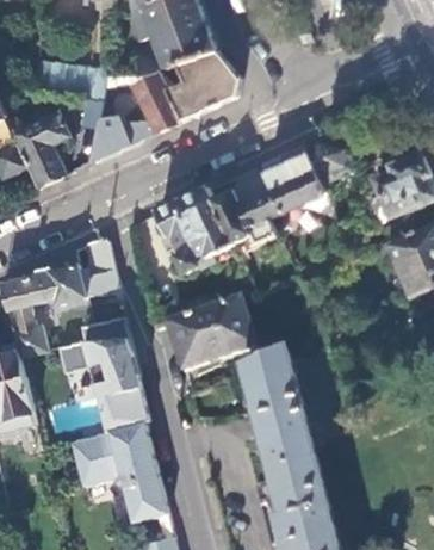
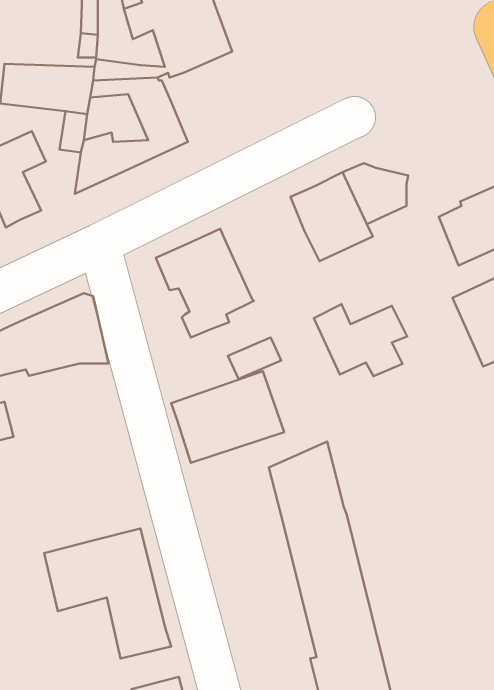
building: [167,50,238,120] -> none
building: [210,189,283,245] -> [314,304,407,376]
building: [57,317,148,432] -> none

